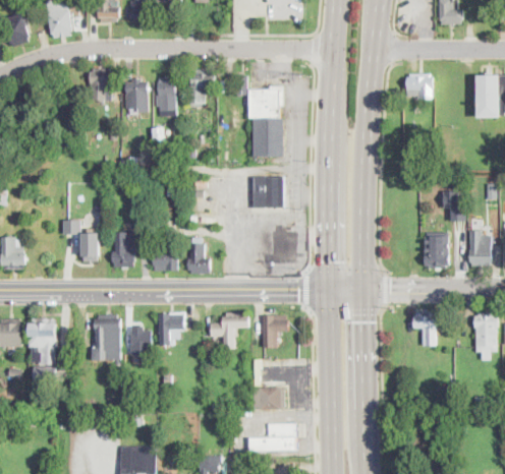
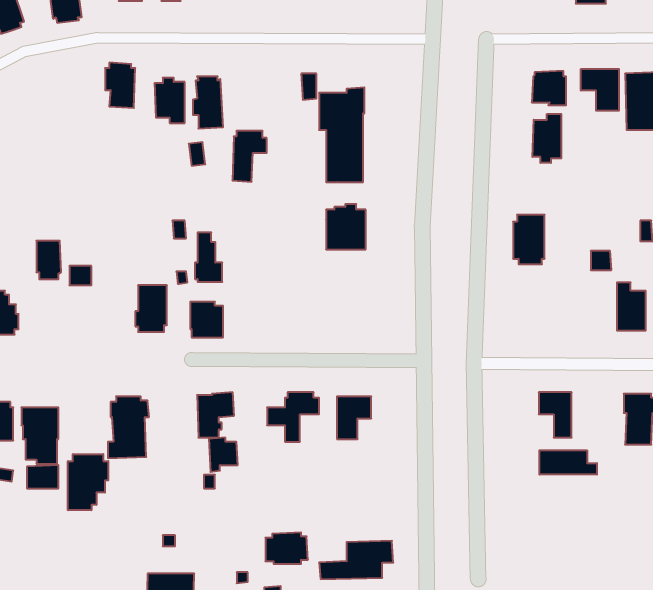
building: [189,70,215,108] -> [232,131,267,182]
building: none -> [581,69,619,111]
building: none -> [532,114,561,163]
building: [80,232,99,260] -> [36,241,61,279]
building: [424,233,447,270] -> [513,215,545,264]
building: [188,237,209,274] -> [195,232,222,282]
building: [130,329,152,354] -> [209,438,238,472]
building: none -> [539,450,597,475]
building: none -> [68,454,108,510]
building: [254,387,285,410] -> [265,532,308,564]

